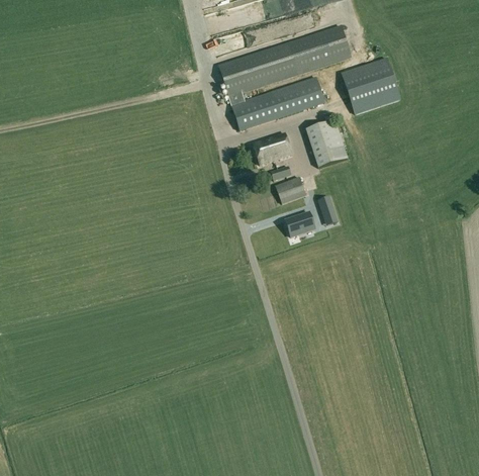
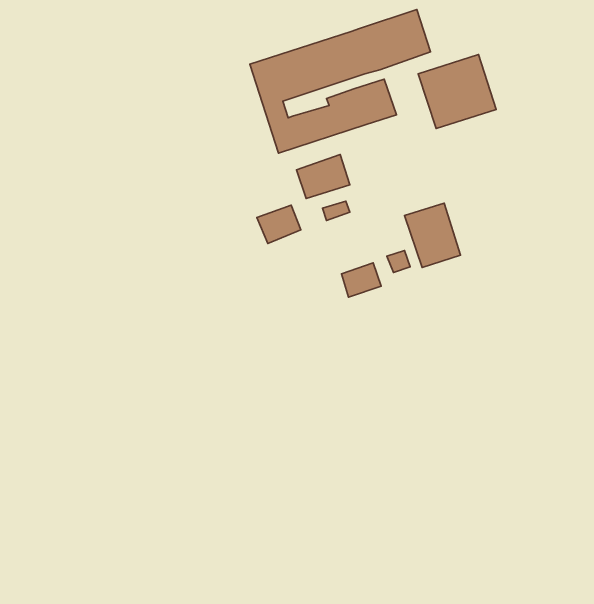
building: [306,119,348,167] -> [404,203,461,268]
building: [275,176,307,204] -> [257,205,301,244]

